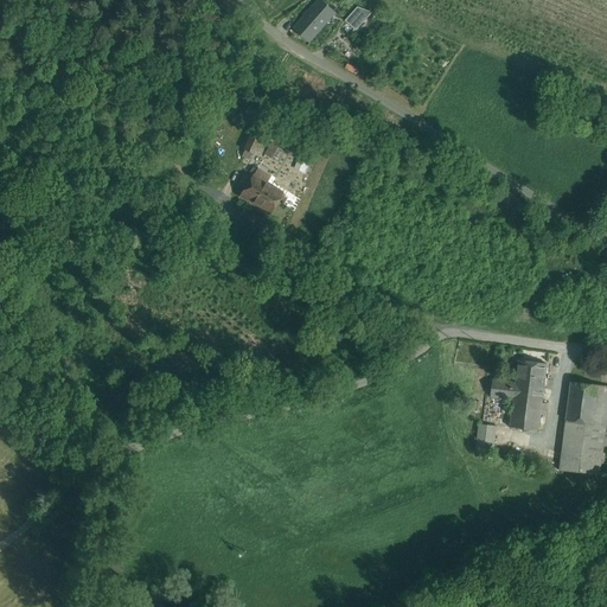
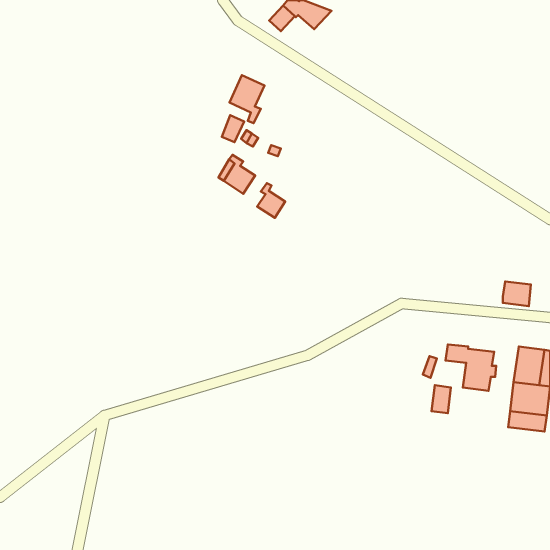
building: none -> [230,75,265,123]
building: none -> [257,183,285,218]
building: [516,360,547,388] -> [503,281,531,306]

